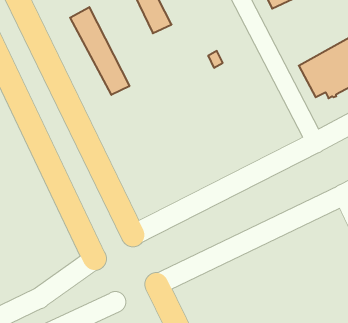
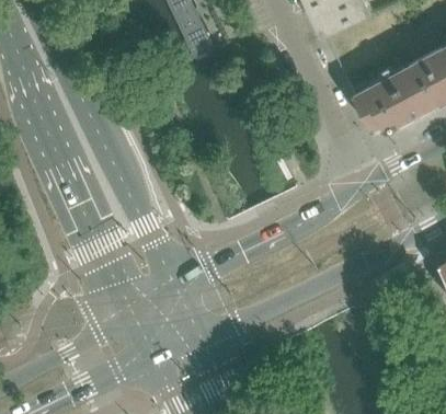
building: [70,7,129,95] -> none

